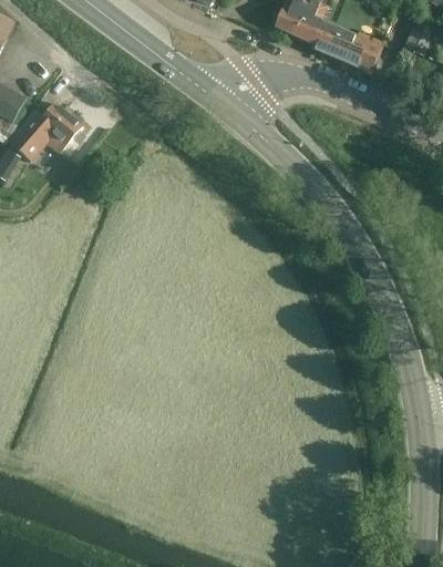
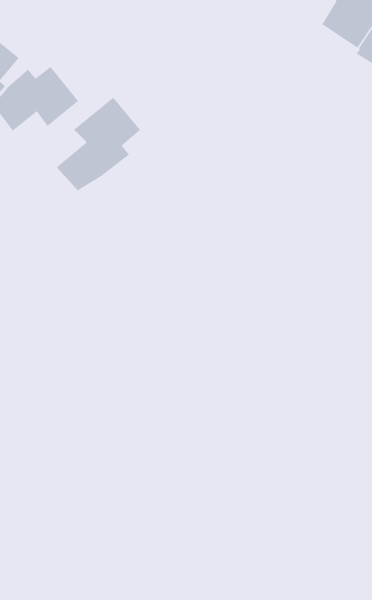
building: none -> [56,97,141,191]

